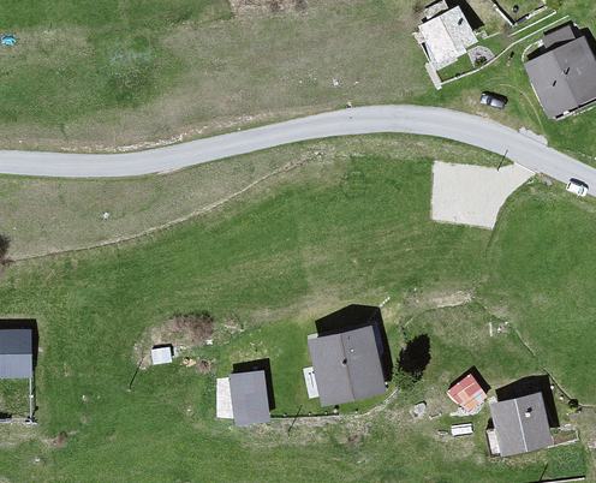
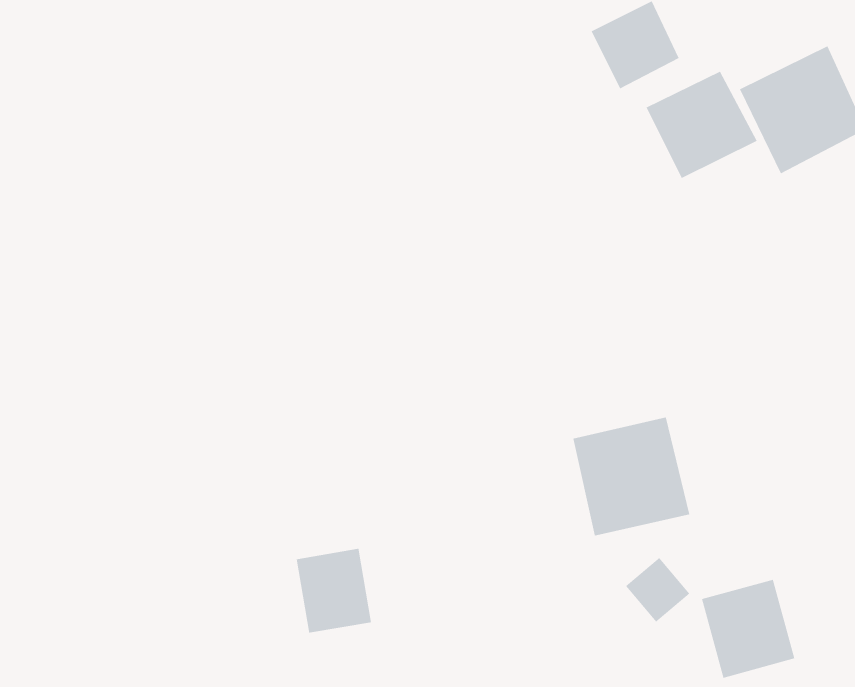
building: none -> [646,71,757,179]
building: [312,327,391,406] -> [572,417,690,536]

